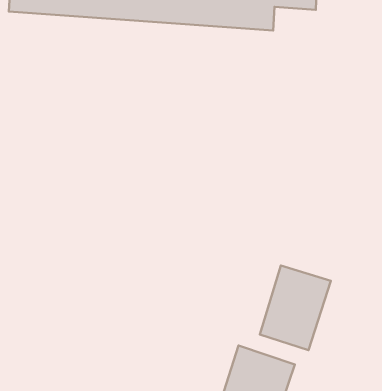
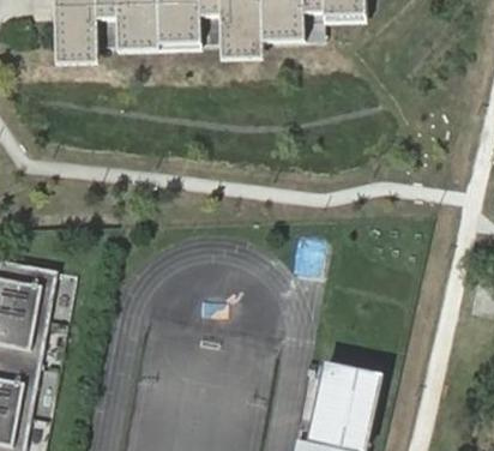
building: [260,265,331,350] -> none

